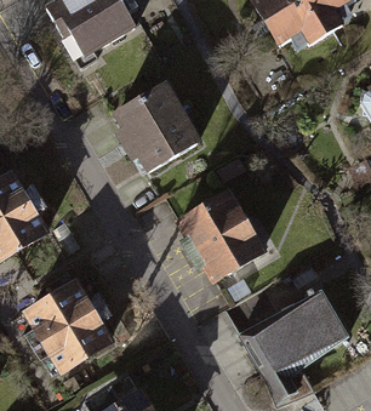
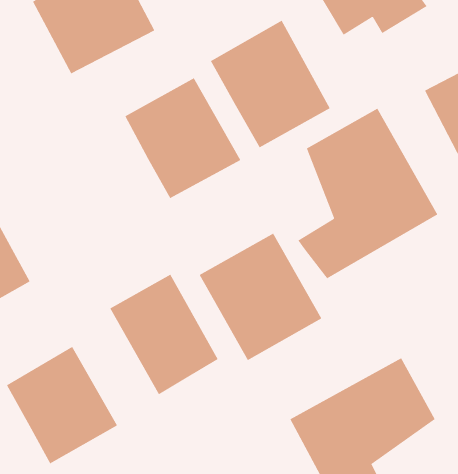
building: none -> [210,20,331,148]
building: none -> [297,108,438,279]
building: none -> [110,274,218,395]

